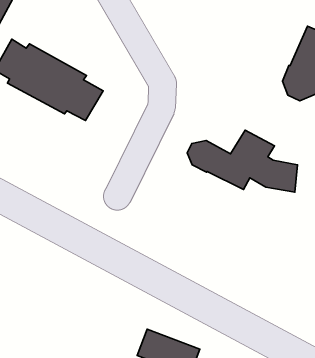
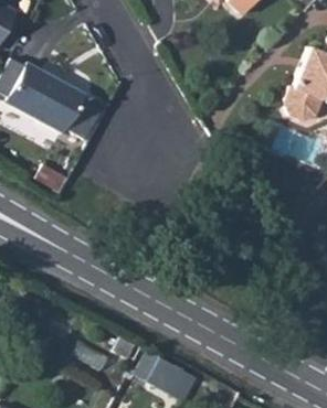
building: [187,130,297,192] -> none

